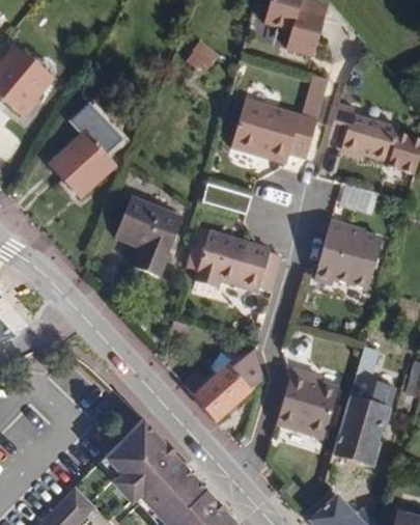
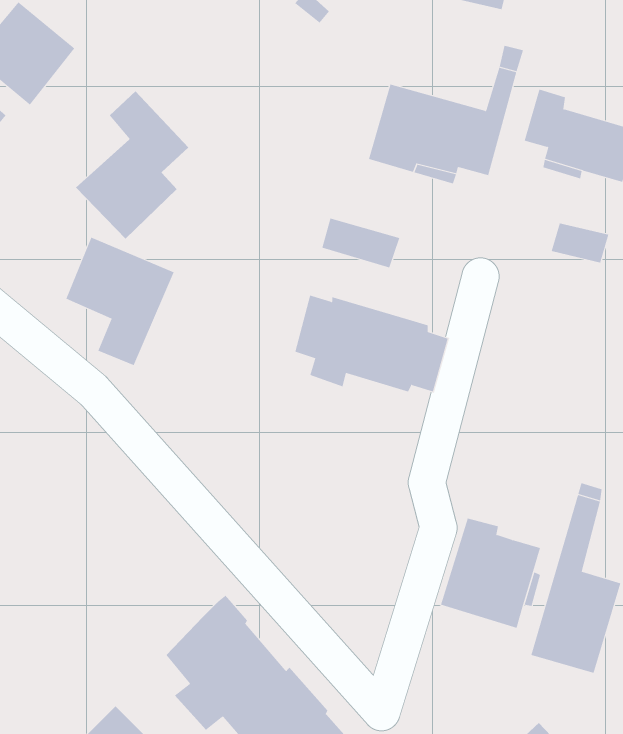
building: [115,197,183,277] -> [66,237,174,366]
building: [314,223,383,287] -> none
building: [183,350,262,419] -> none

